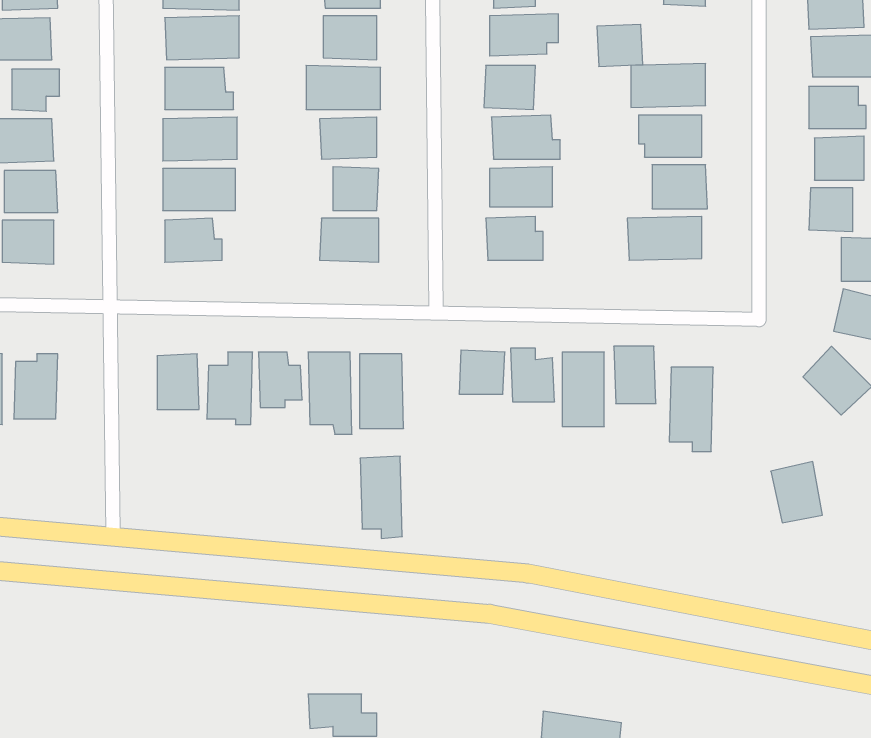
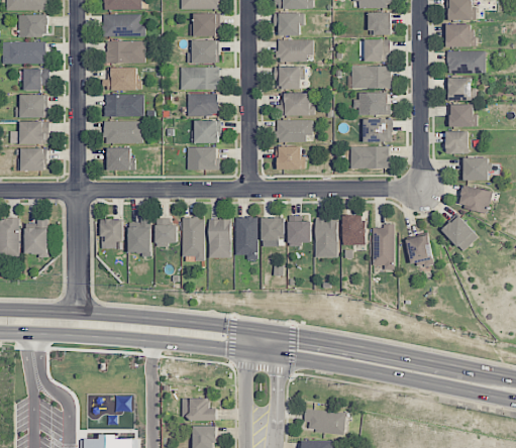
building: [597,24,643,66] -> [365,39,389,62]
building: [360,456,402,538] -> [235,217,257,260]
building: [771,462,822,523] -> [406,235,433,267]

